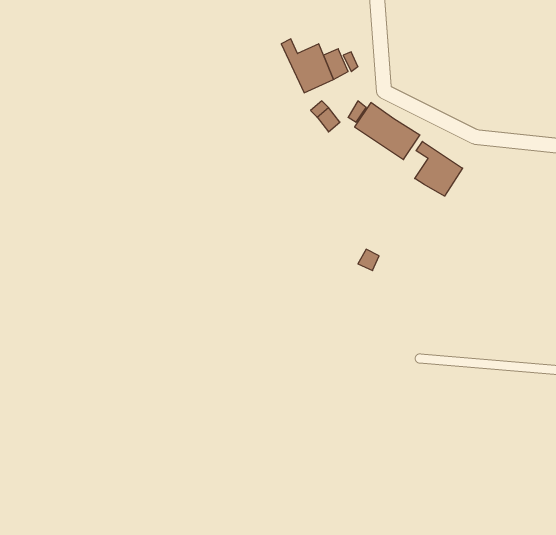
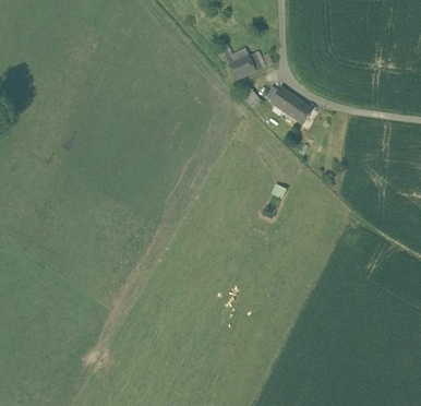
building: [415,141,463,196] -> none

